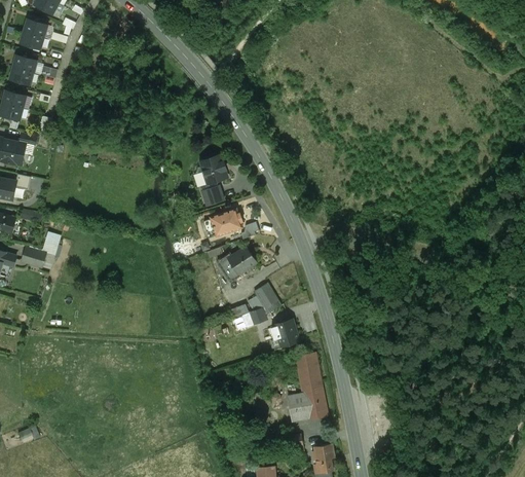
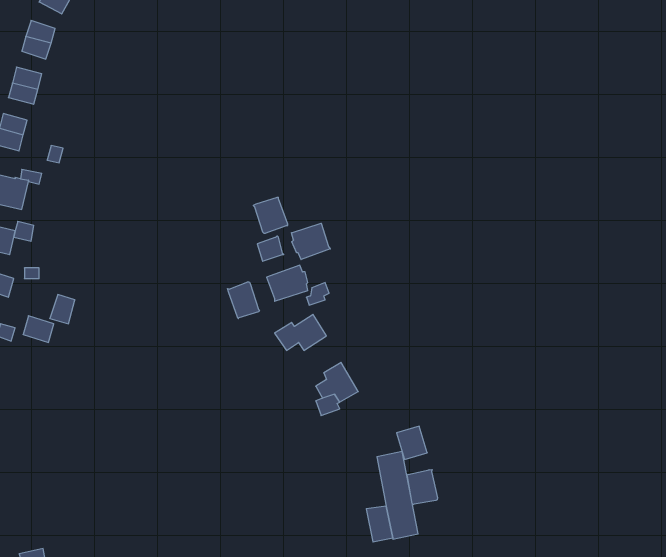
building: none -> [291,223,330,260]
building: none -> [228,282,259,319]
building: [274,321,298,346] -> [397,426,427,459]
building: none -> [407,470,437,505]

